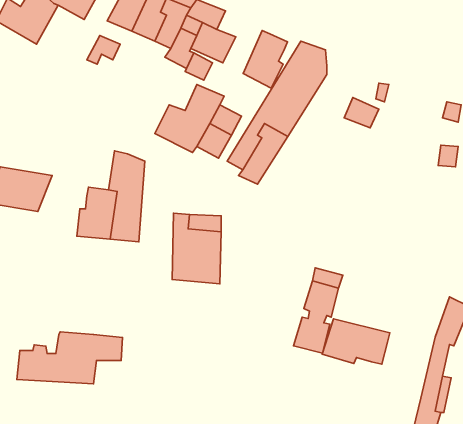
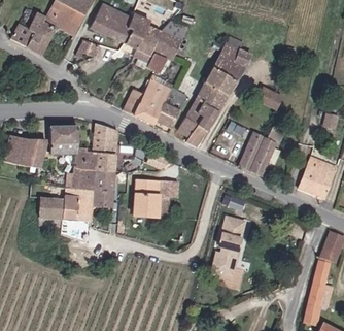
building: [243,31,288,88] -> none
building: none -> [226,122,274,174]
building: none -> [49,126,75,156]
building: none -> [299,153,335,194]
building: [322,319,390,364] -> none
building: [17,332,122,384] -> [36,185,111,222]

